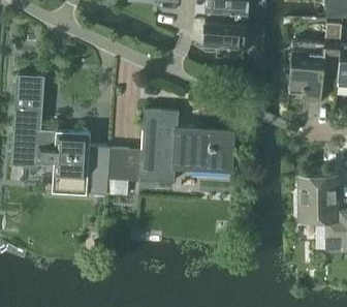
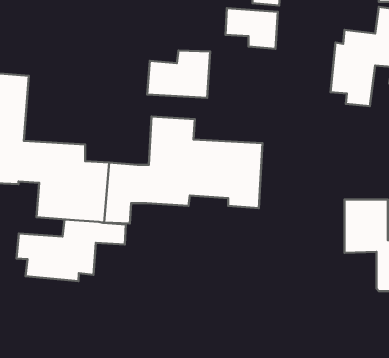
building: none -> [147,50,210,98]
building: none -> [16,219,126,281]

